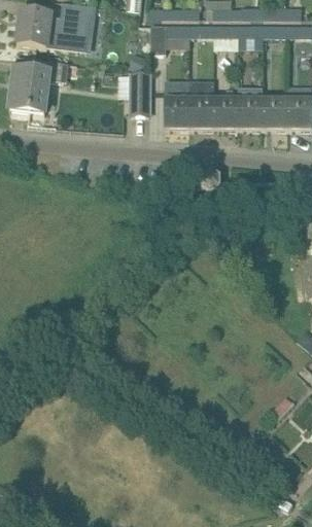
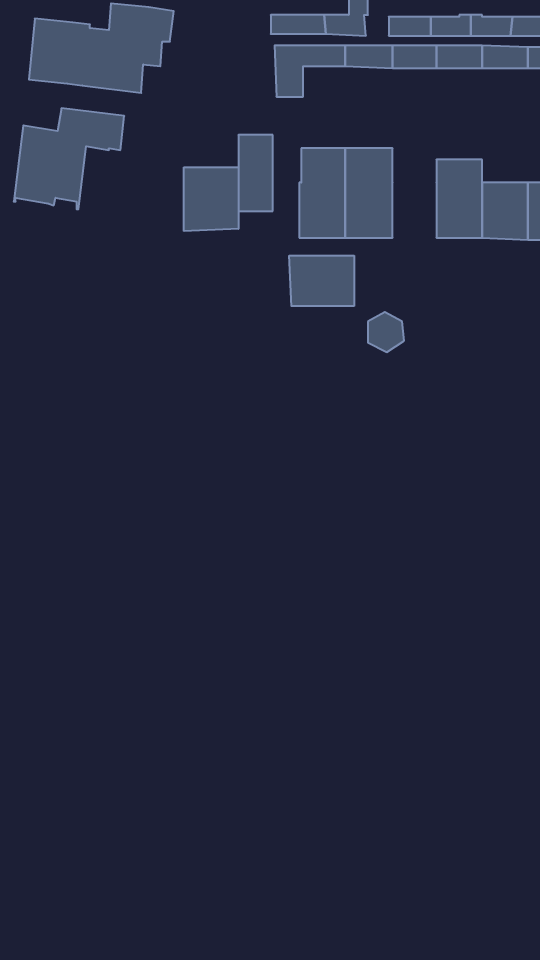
building: none -> [184,167,238,231]
building: [214,99,238,129] -> none
building: none -> [289,256,354,306]

